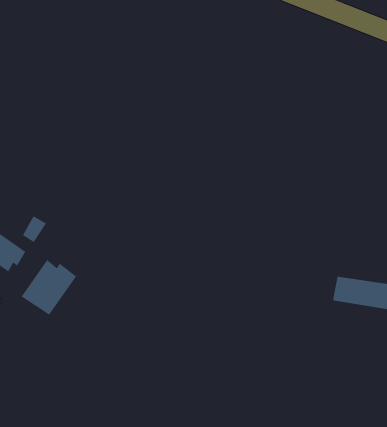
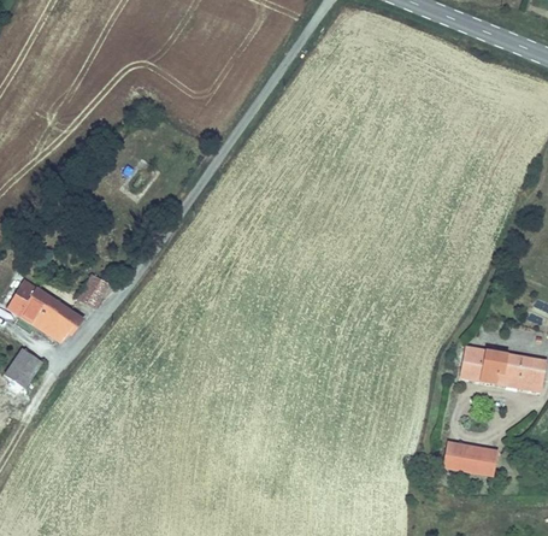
building: [21,259,77,315] -> none
building: none -> [443,442,497,476]

